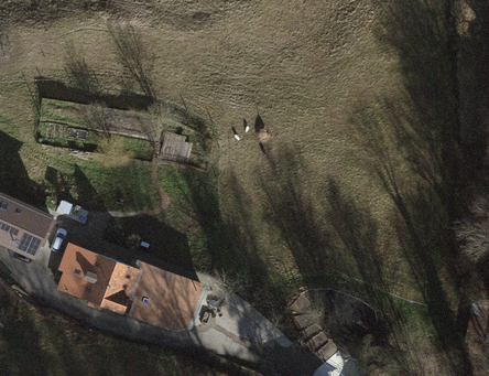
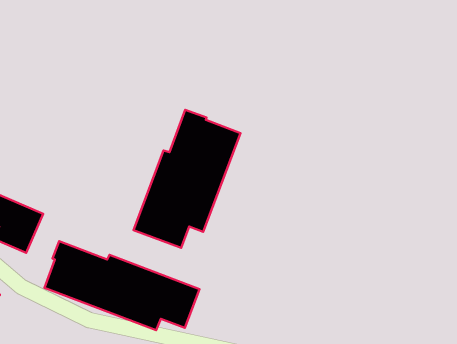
building: none -> [134,110,240,248]

